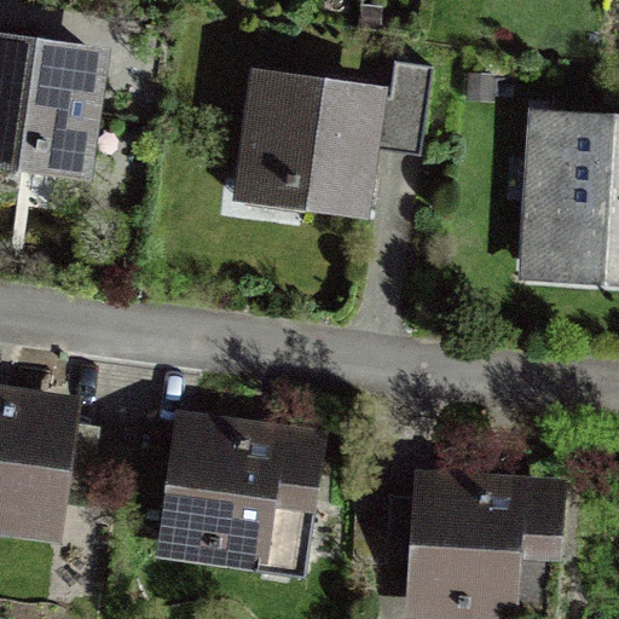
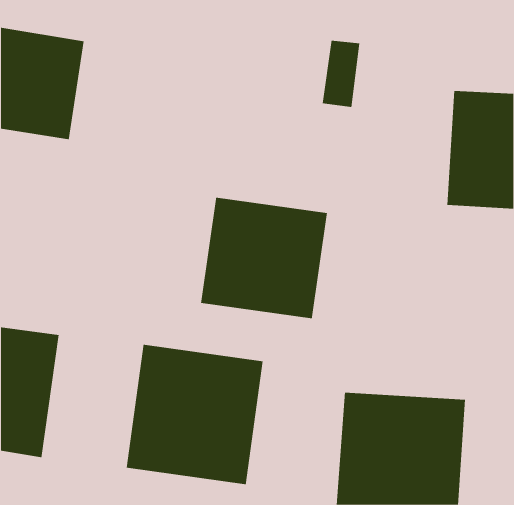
building: [238,71,380,199] -> none
building: none -> [200,197,328,319]

